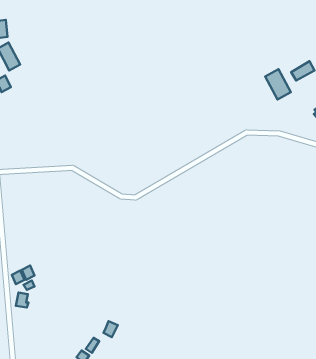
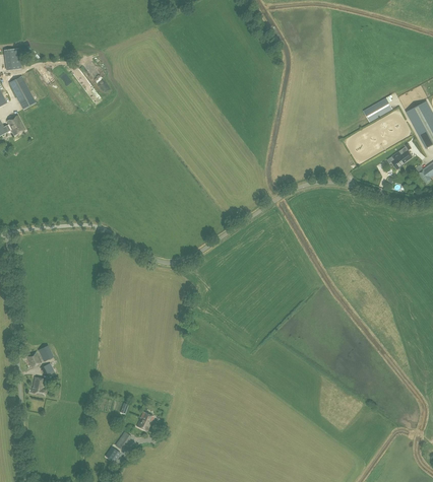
building: [265,69,291,99] -> none

